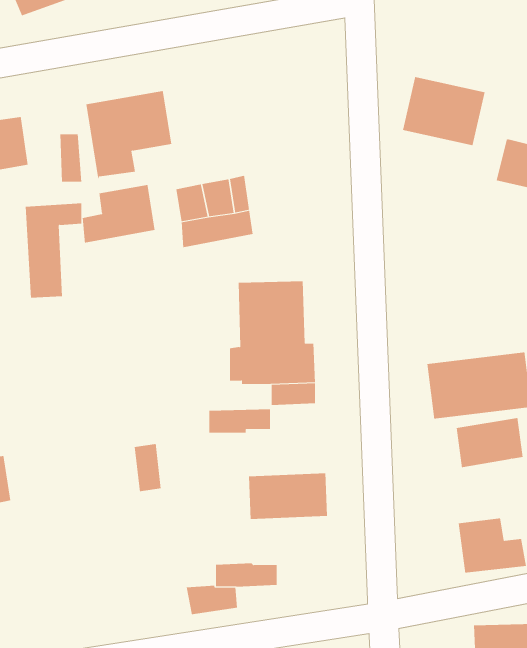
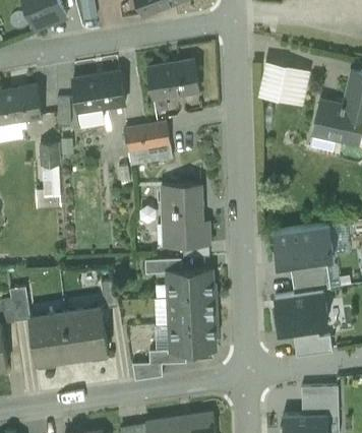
building: none -> [148,61,197,98]
building: [82,184,155,243] -> none
building: none -> [168,270,215,299]
building: none -> [276,289,327,328]
building: none -> [29,307,108,362]
building: none -> [170,322,216,351]

